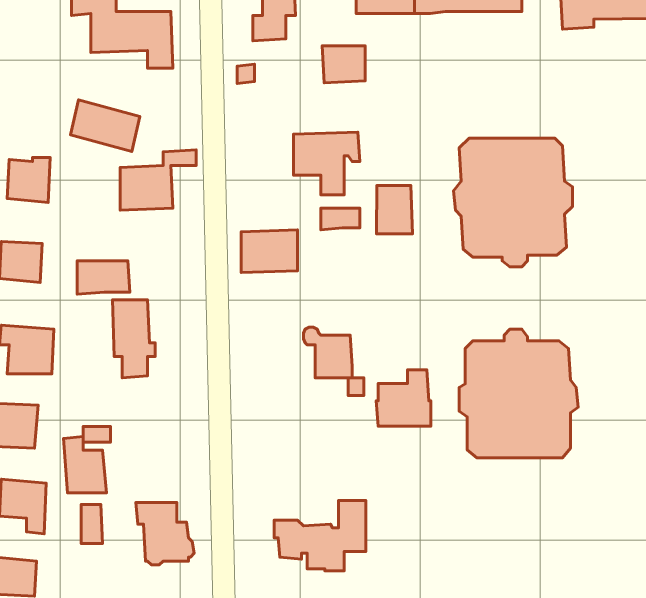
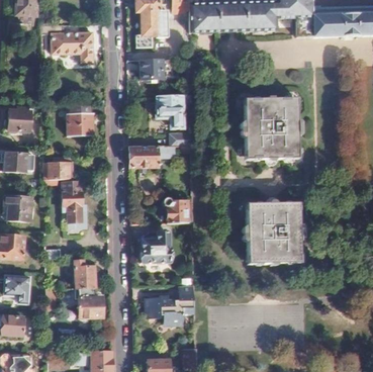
building: [322,46,365,83] -> [141,60,163,79]
building: [70,100,140,152] -> none
building: [377,186,413,234] -> none
building: [376,370,431,426] -> [143,233,171,262]
building: [64,436,107,493] -> [75,258,97,287]

